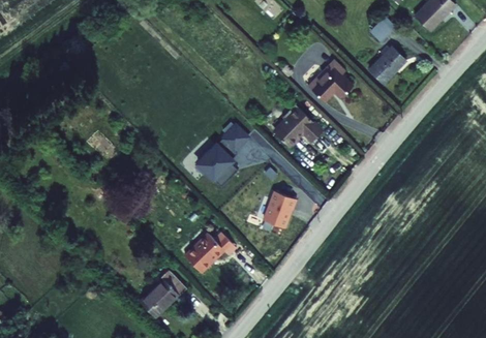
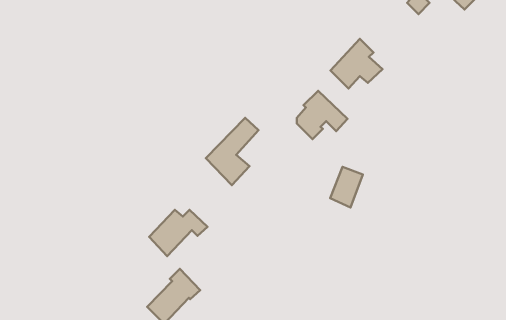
building: [369,45,406,84] -> none
building: [260,193,290,231] -> [330,167,363,207]
building: [183,232,237,274] -> [149,210,208,256]

